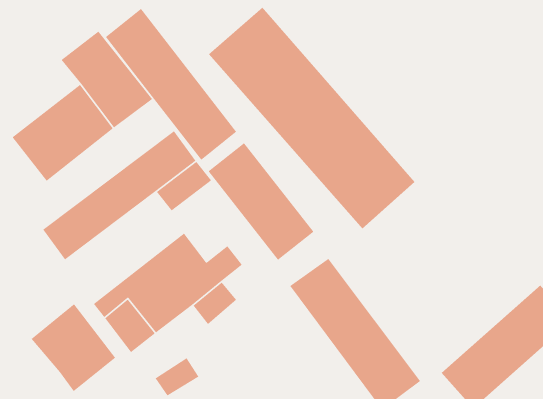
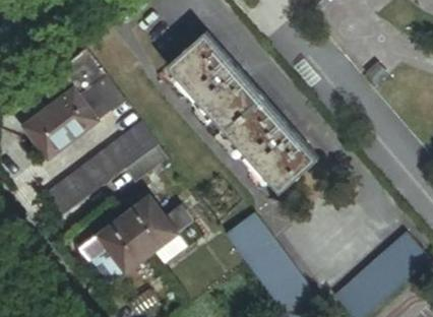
building: [105,8,237,161] -> none
building: [207,142,315,261] -> none
building: [31,303,116,392] -> none

